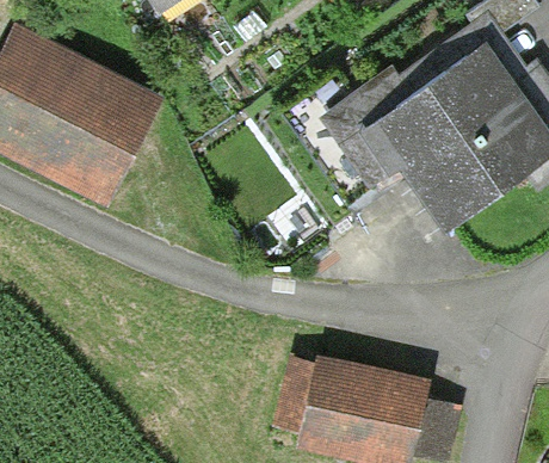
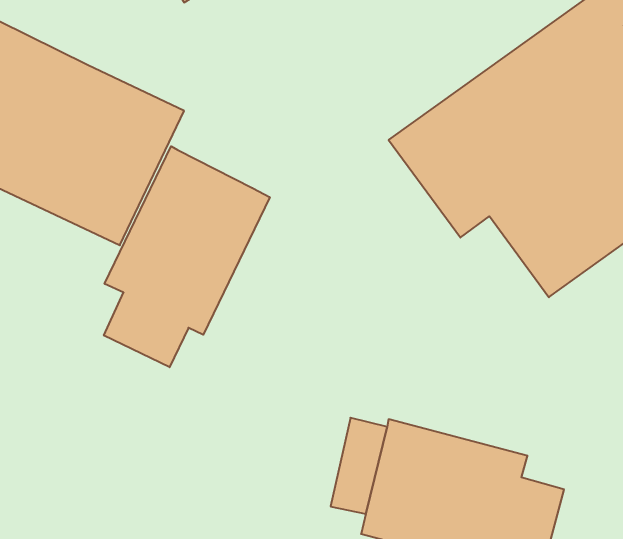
building: none -> [104,146,270,367]

